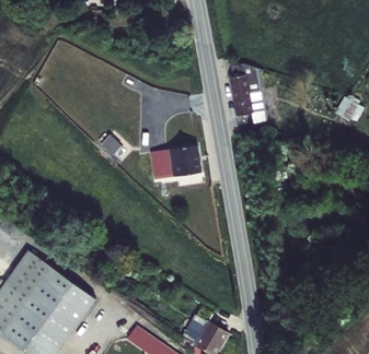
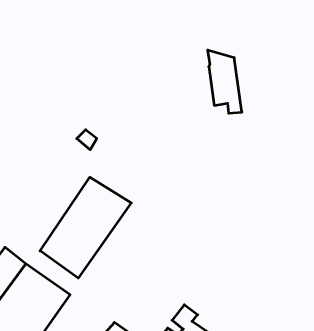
building: [150,145,199,179] -> none
building: none -> [40,177,131,278]

